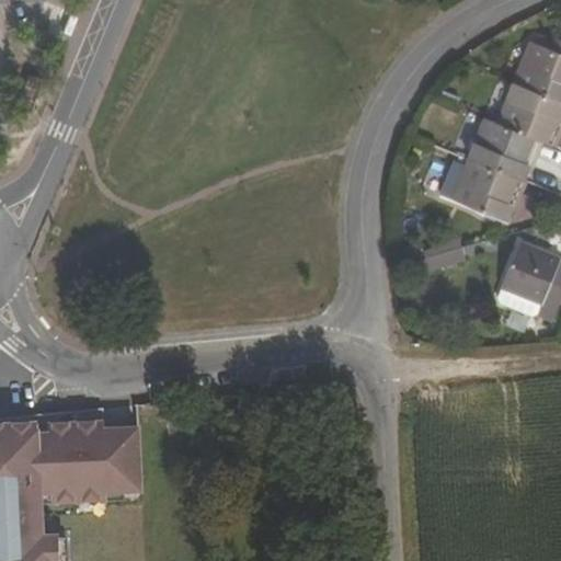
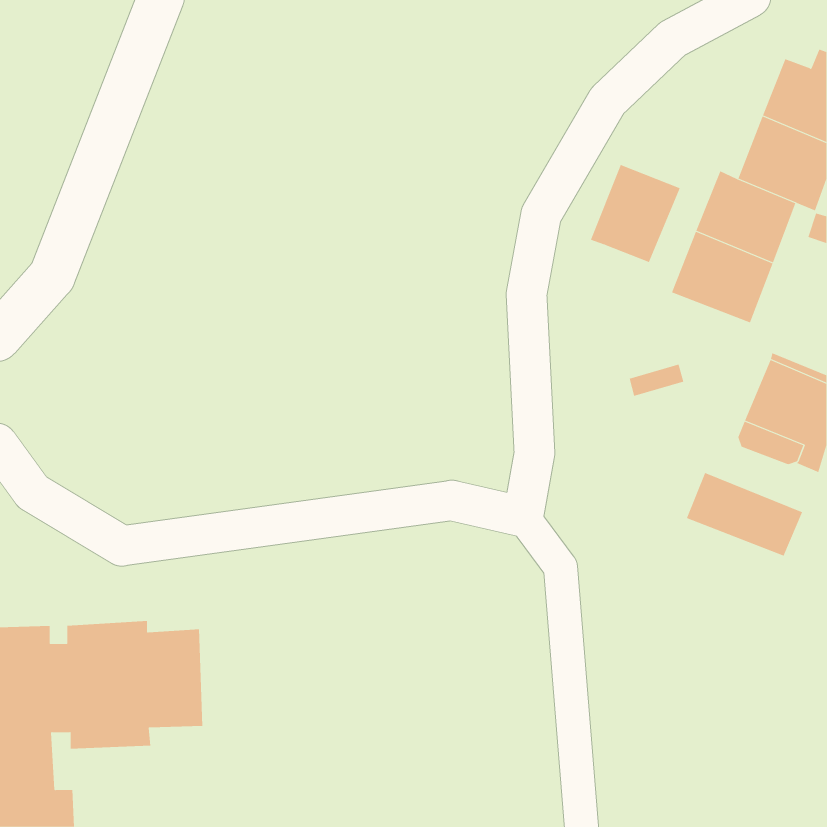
building: none -> [590,164,681,263]
building: none -> [686,472,803,556]

